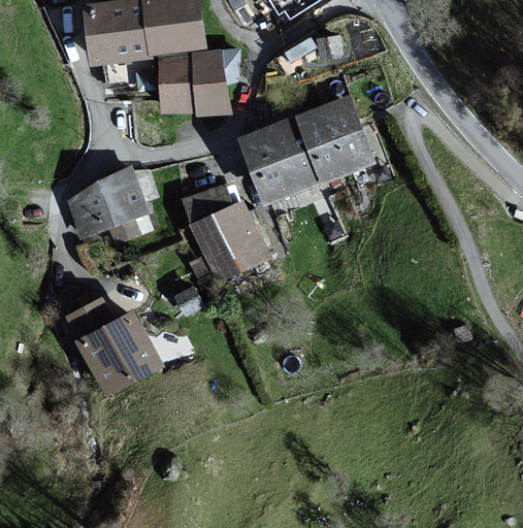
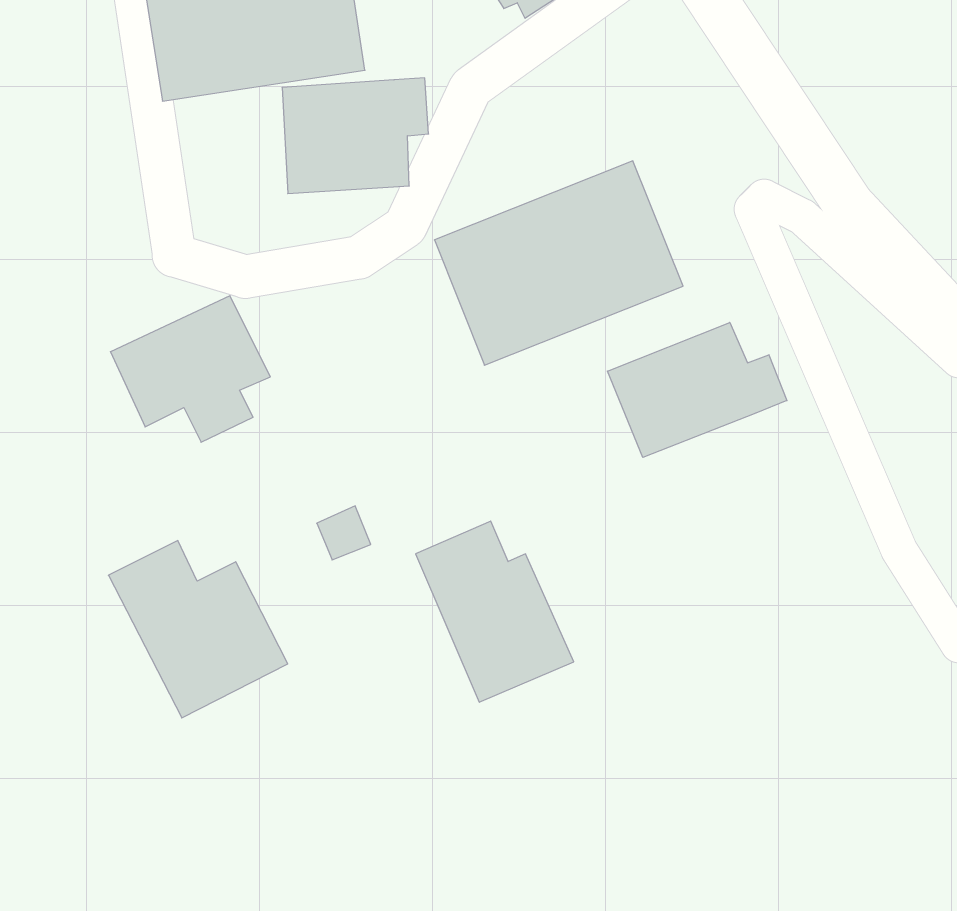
building: none -> [607,322,787,457]
building: [183,183,267,279] -> [416,521,574,702]

